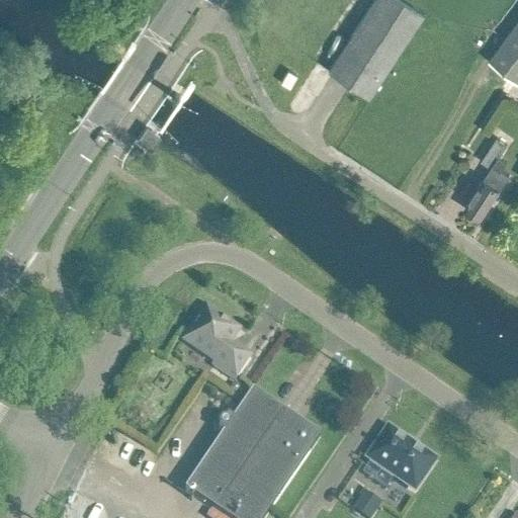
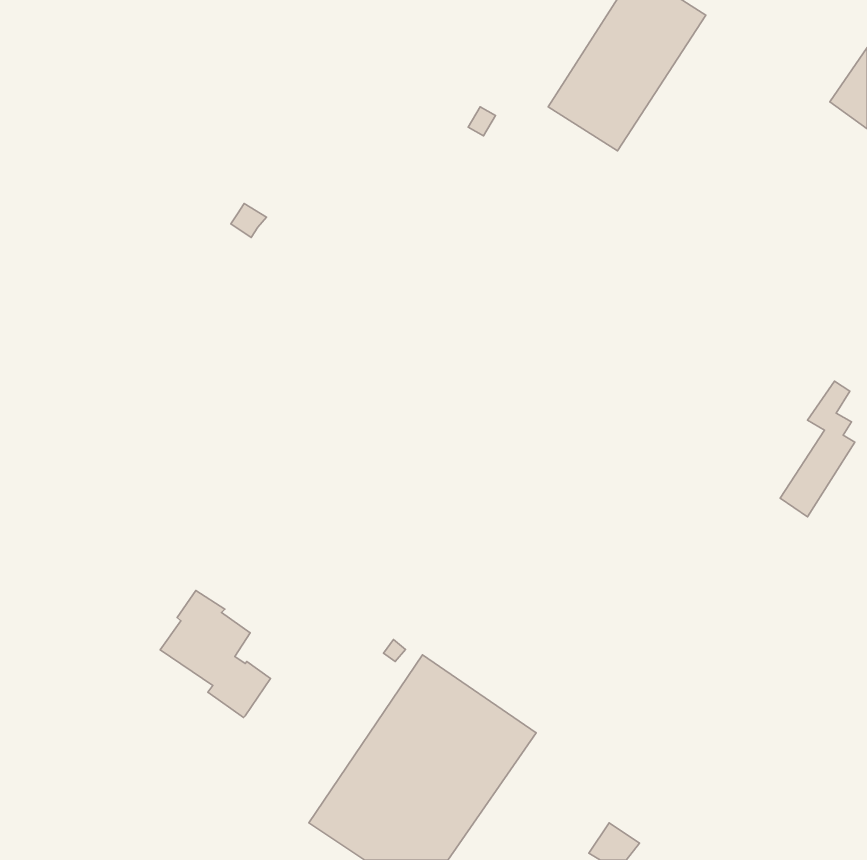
building: [464,132,509,212] -> [780,381,855,517]
building: [183,305,249,380] -> [160,590,271,718]
building: [368,430,432,489] -> none

